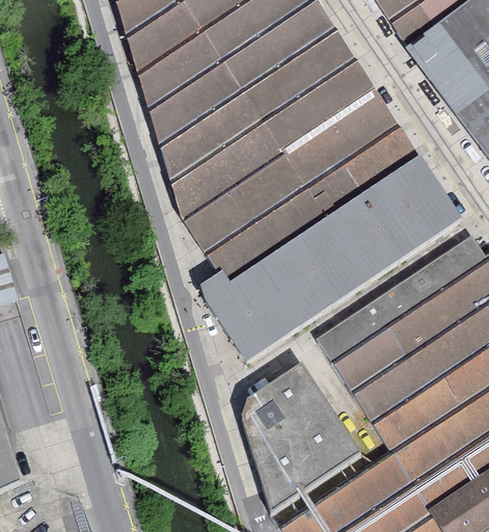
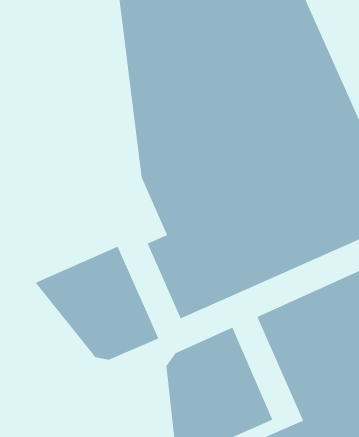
building: none -> [35,246,159,360]

